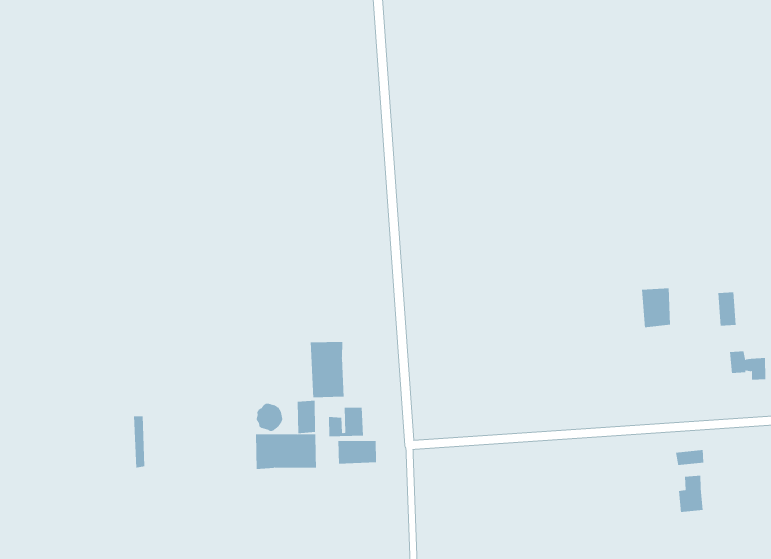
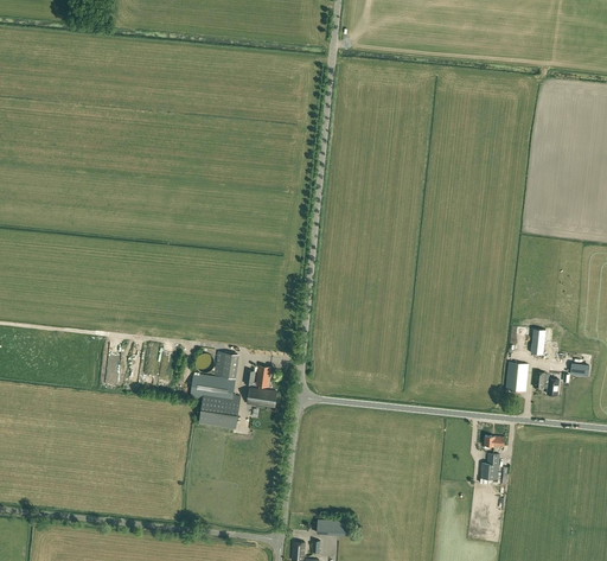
building: [641,288,671,328] -> [506,362,529,390]
building: [310,341,344,398] -> none
building: none -> [199,395,241,428]

